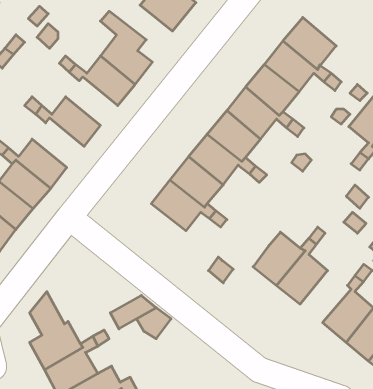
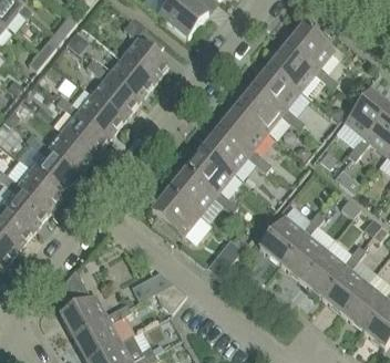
building: none -> [92,77,138,121]
building: none -> [62,114,109,158]
building: none -> [151,190,199,237]
building: none -> [301,250,347,297]

